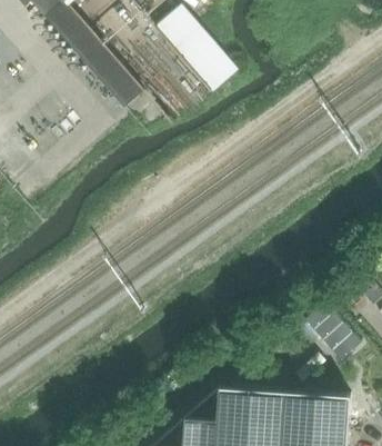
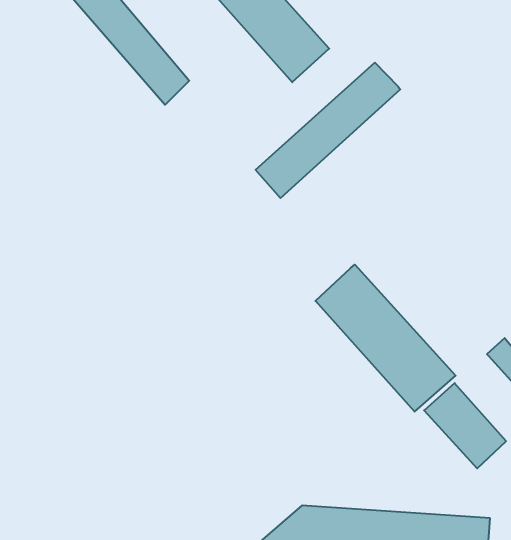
building: none -> [256,63,400,198]
building: none -> [315,265,456,412]

